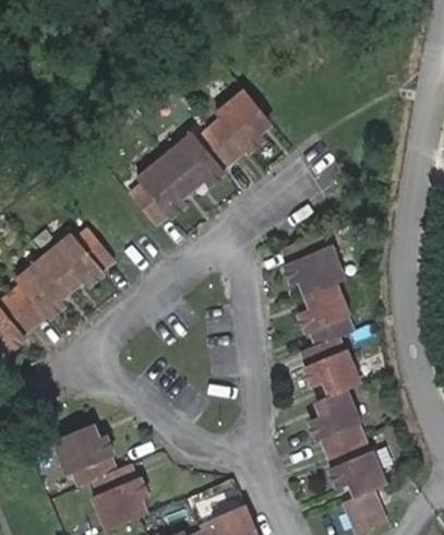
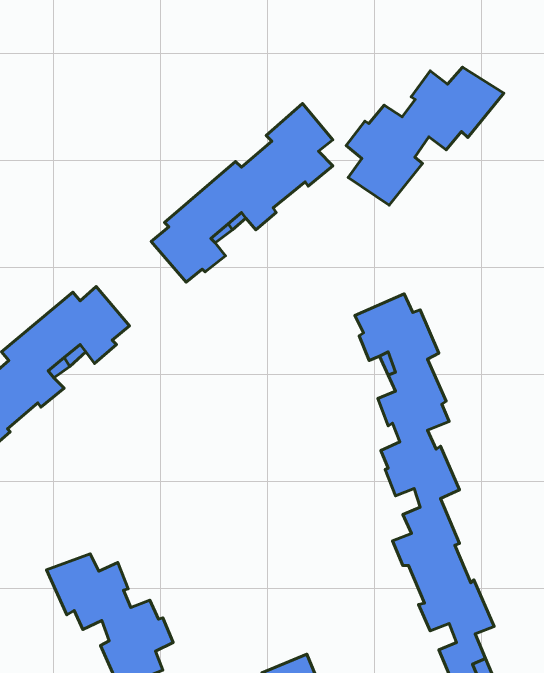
building: none -> [346,67,504,205]

